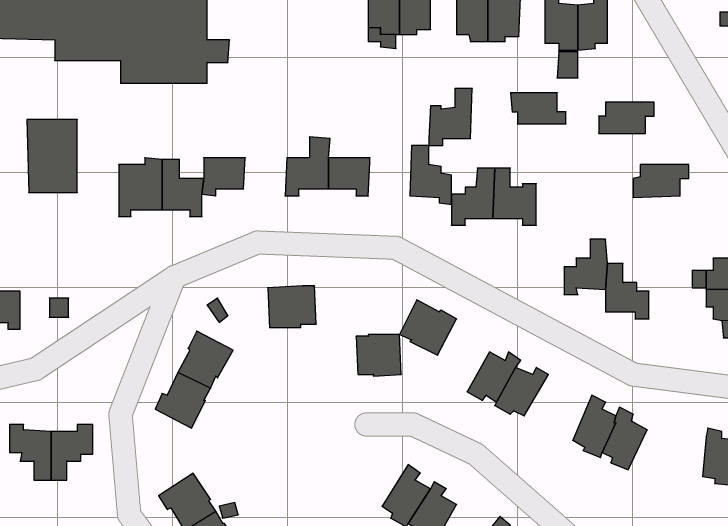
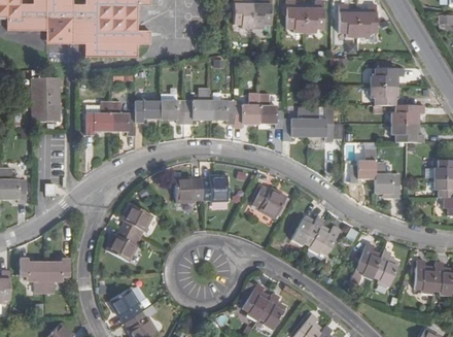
building: [429,88,472,146] -> [233,94,258,128]
building: [511,93,566,124] -> [370,87,403,105]
building: none -> [159,101,184,124]
building: none -> [390,124,423,143]
building: [356,335,401,376] -> [201,176,228,201]
building: none -> [413,261,433,294]

